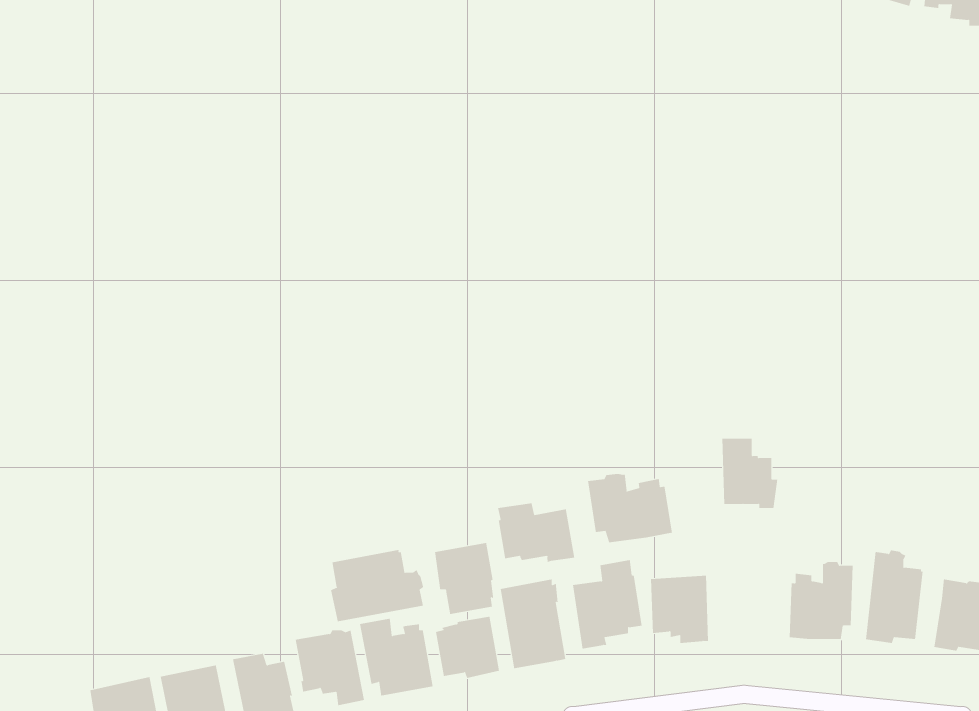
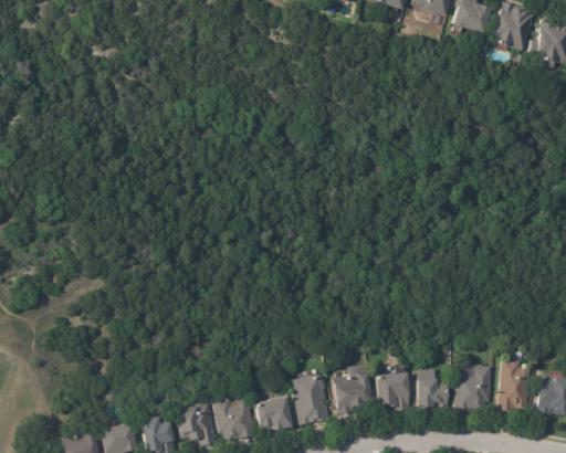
building: [721,438,778,508] -> [418,369,450,409]
building: [588,473,672,543] -> none
building: [498,502,575,563] -> none
building: [435,542,494,615] -> none
building: [331,549,424,622] -> none

